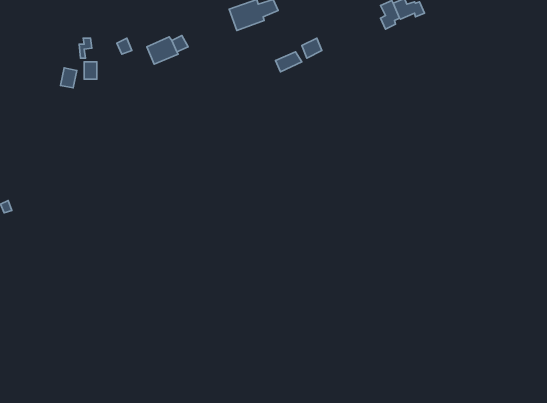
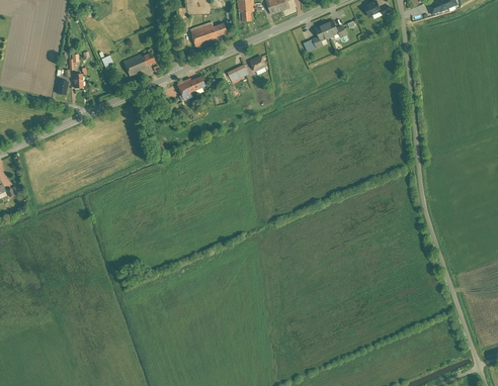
building: none -> [175,75,206,97]

